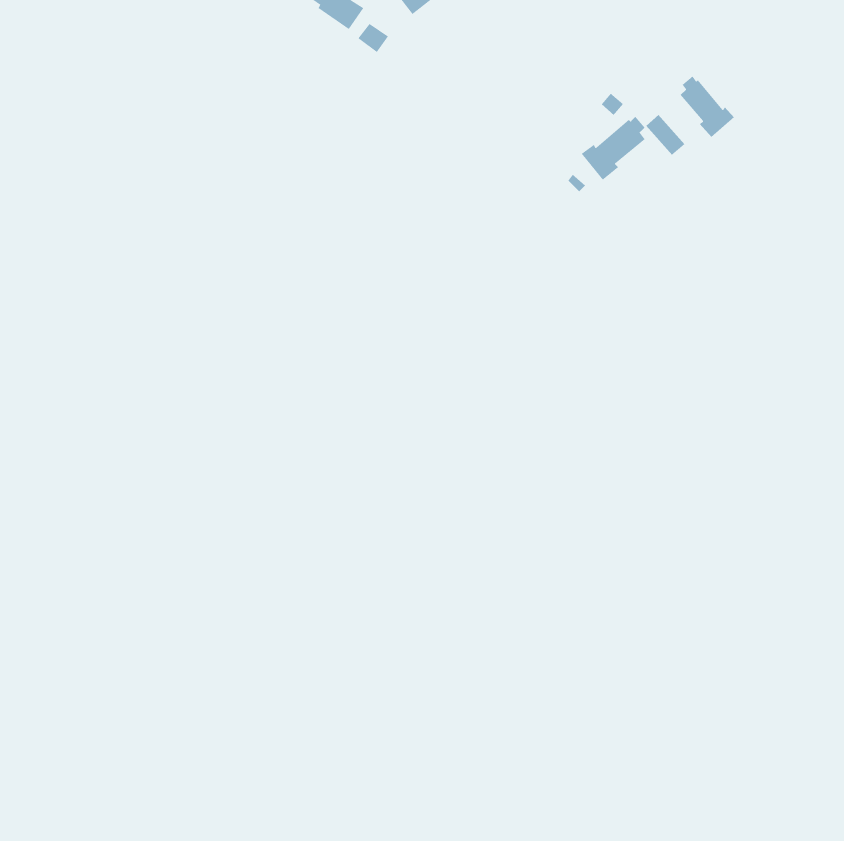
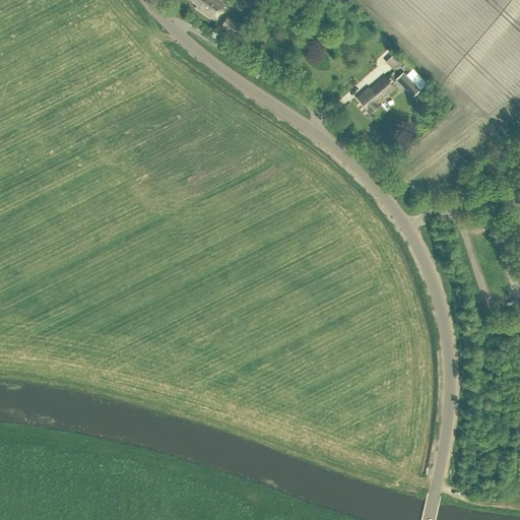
building: [680,76,735,138] -> none

